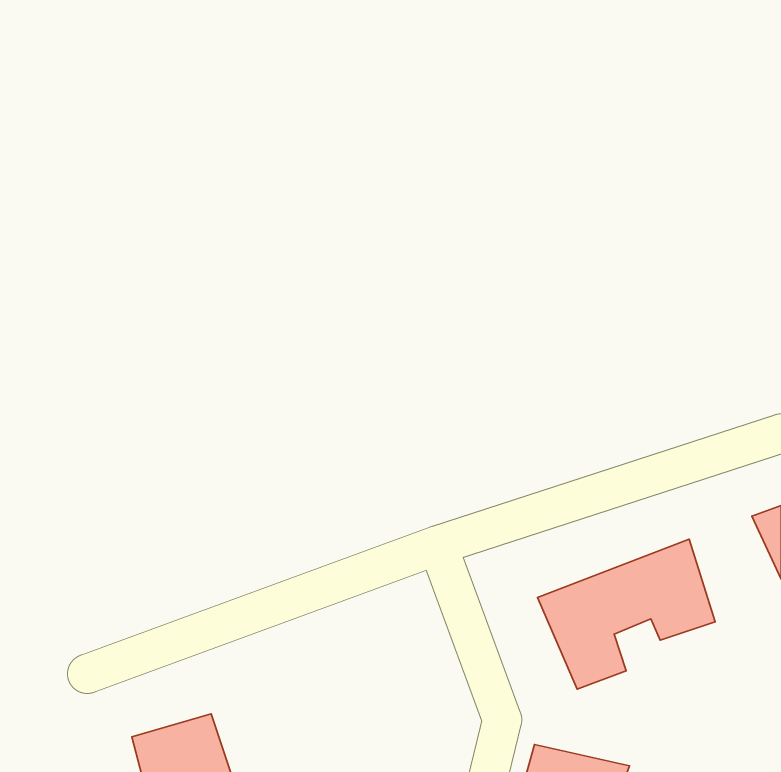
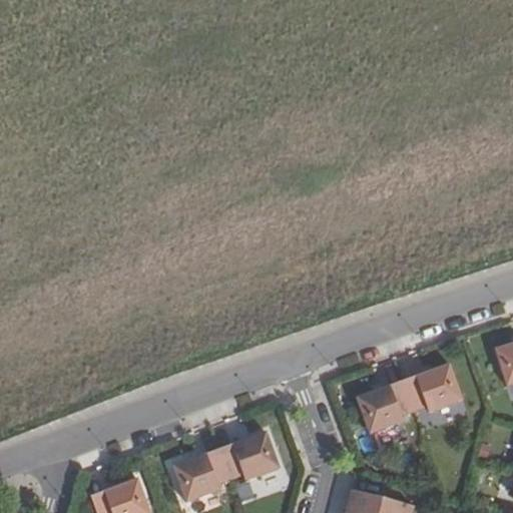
building: none -> [164,428,287,506]

